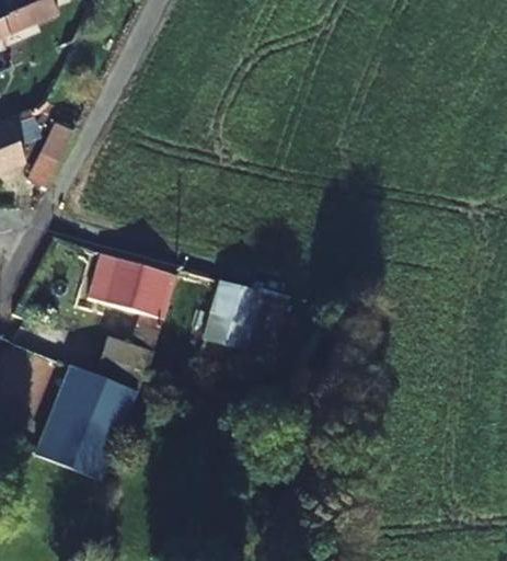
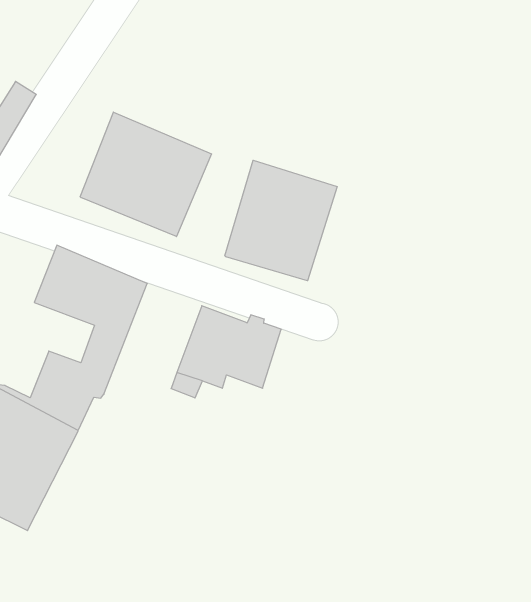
building: none -> [80,112,212,237]
building: none -> [225,160,337,281]

